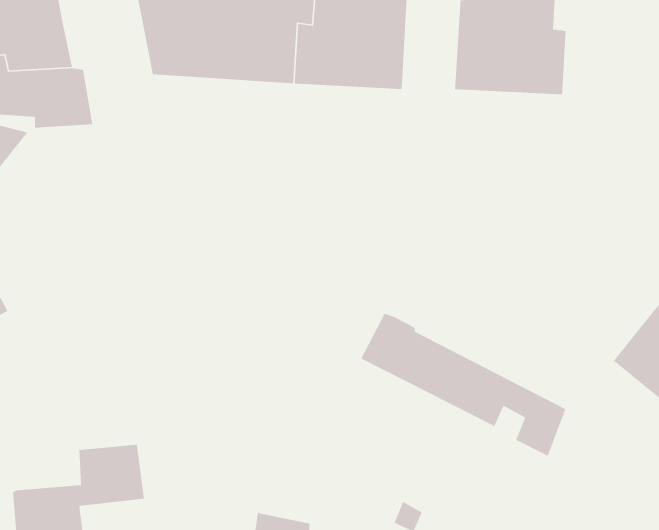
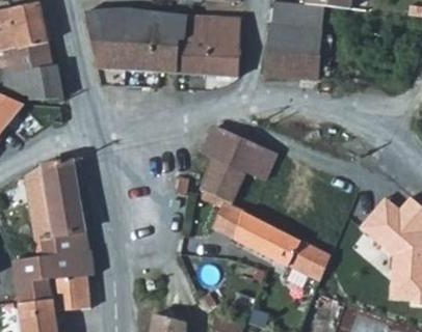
building: none -> [202,127,278,203]
building: none -> [16,160,95,301]

